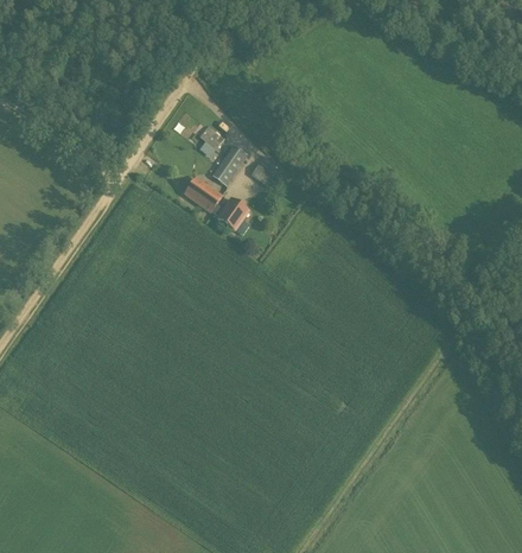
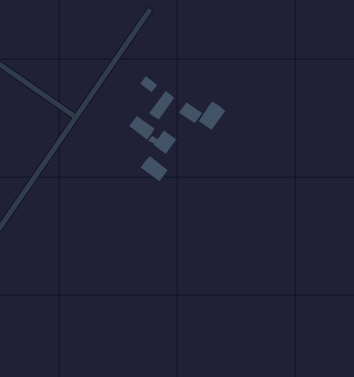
building: none -> [198,100,226,131]
building: none -> [140,155,169,182]

